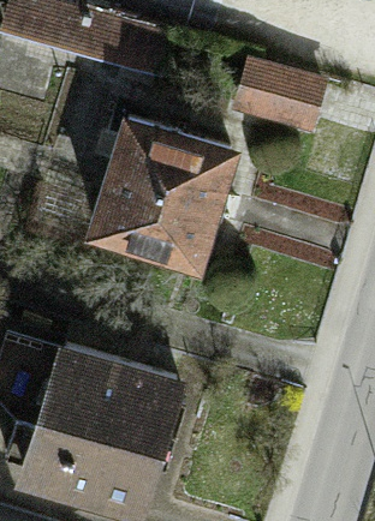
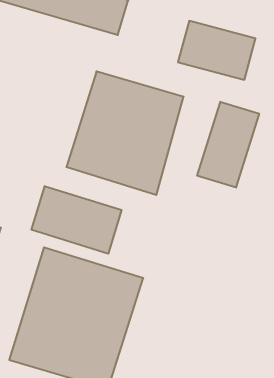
building: none -> [197,102,259,188]
building: none -> [31,186,122,254]

